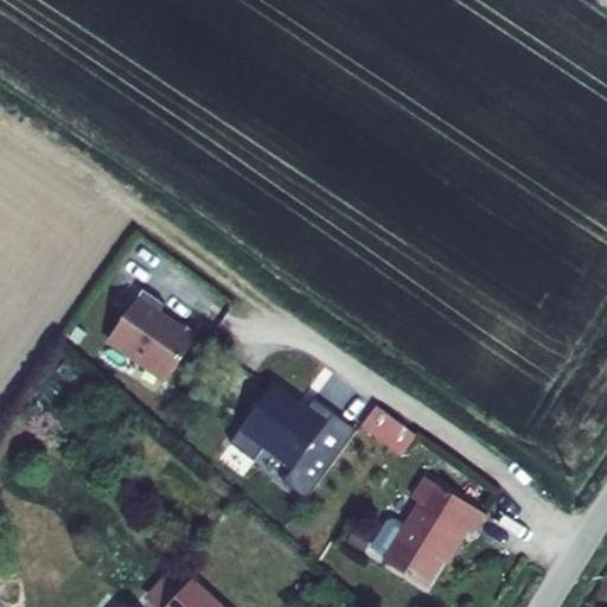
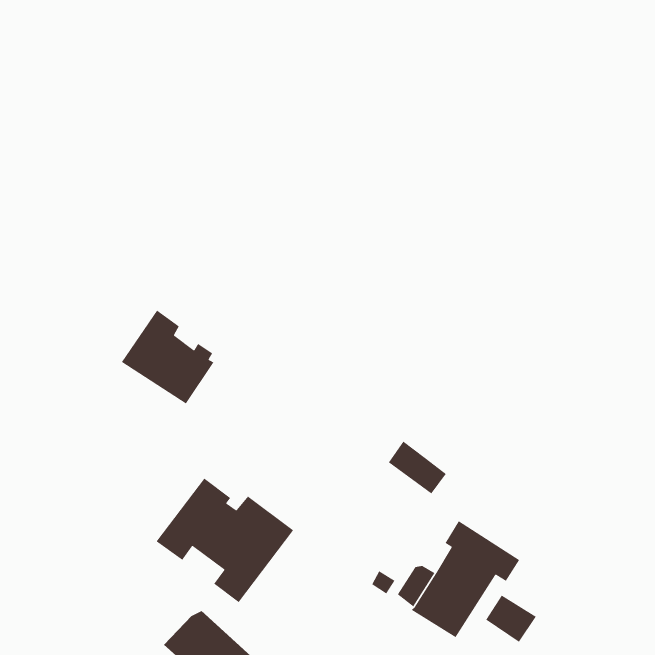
building: [226,384,354,500] -> [155,477,294,603]
building: none -> [485,595,537,643]

